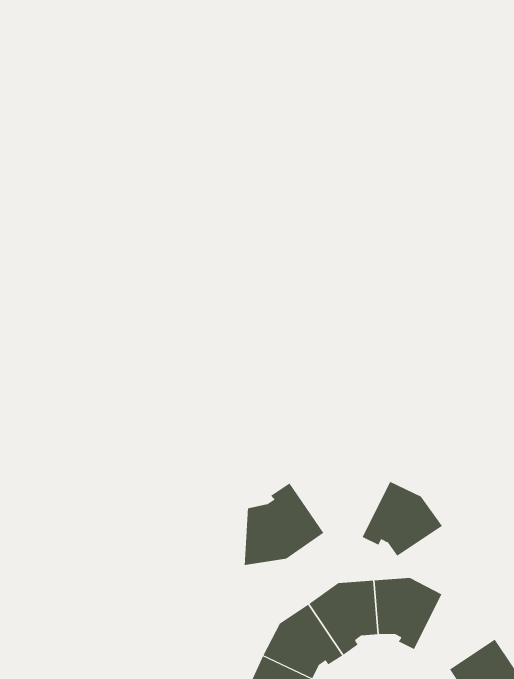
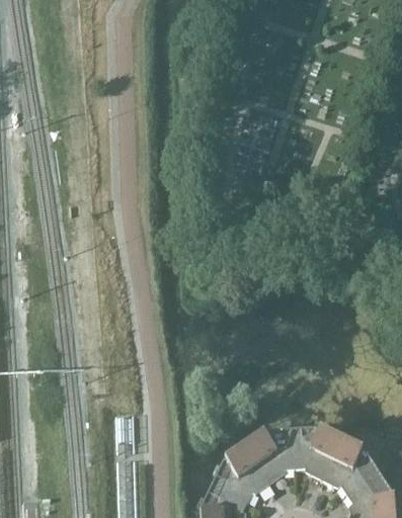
building: [362,481,443,557] -> [321,439,380,494]
building: [244,482,324,566] -> none

